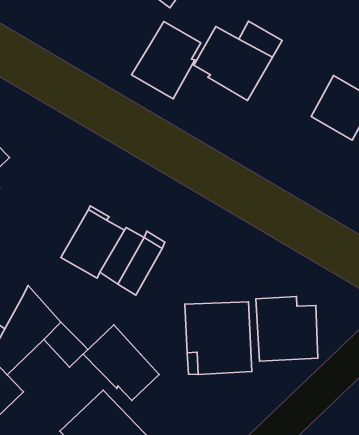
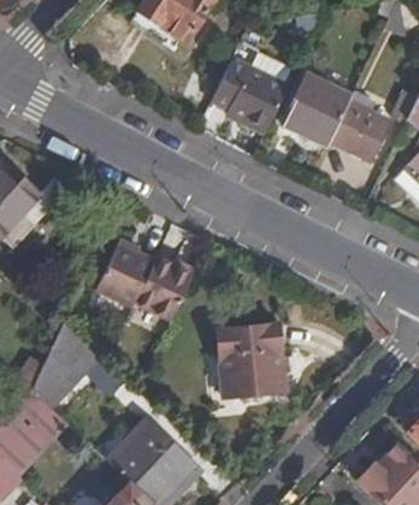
building: [131,21,201,99] -> none
building: none -> [284,75,352,145]
building: [256,296,318,361] -> none
building: [83,325,159,400] -> none

